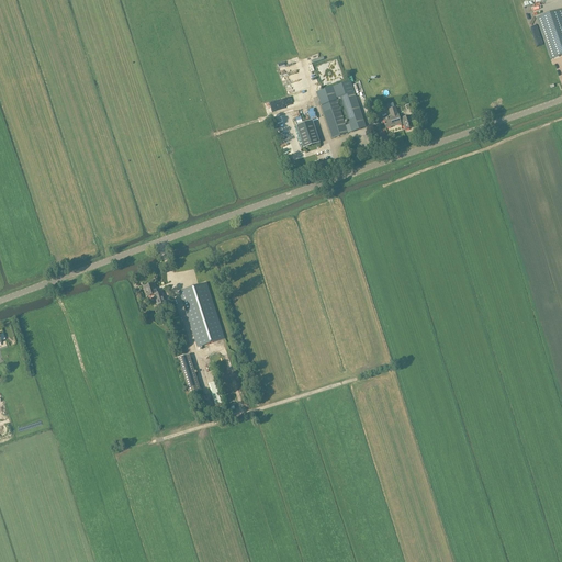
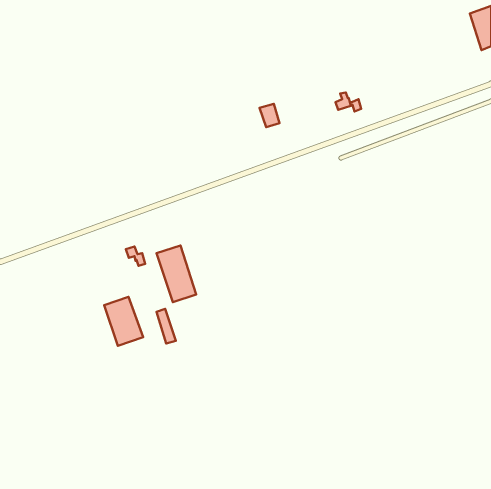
building: [317,79,366,136] -> none
building: none -> [104,297,143,346]

